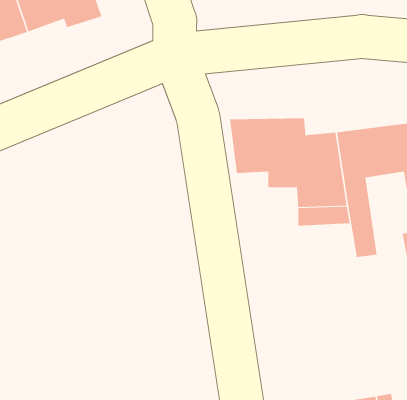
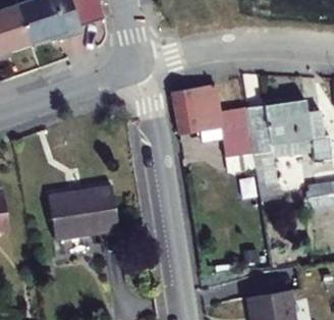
building: none -> [46,176,117,233]

